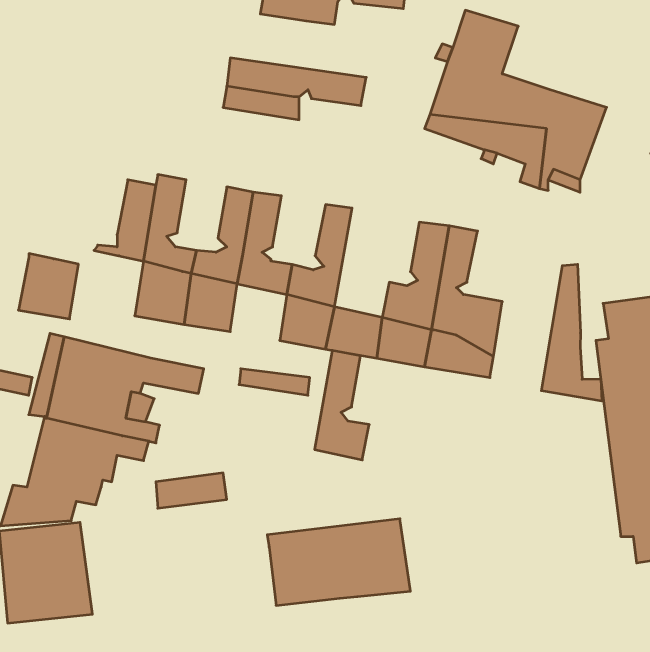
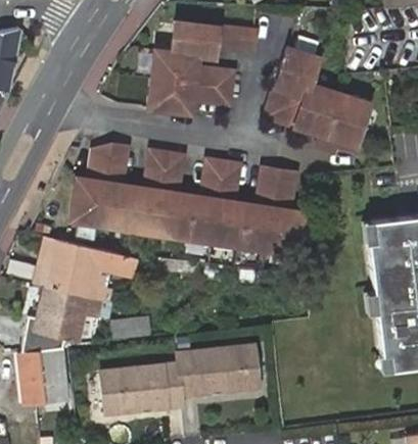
building: none -> [152,50,233,89]
building: [18,254,78,319] -> [67,189,102,227]
building: [541,264,602,401] -> none
building: none -> [152,208,185,241]
building: [315,350,369,460] -> [213,164,244,228]
building: none -> [98,360,180,411]

